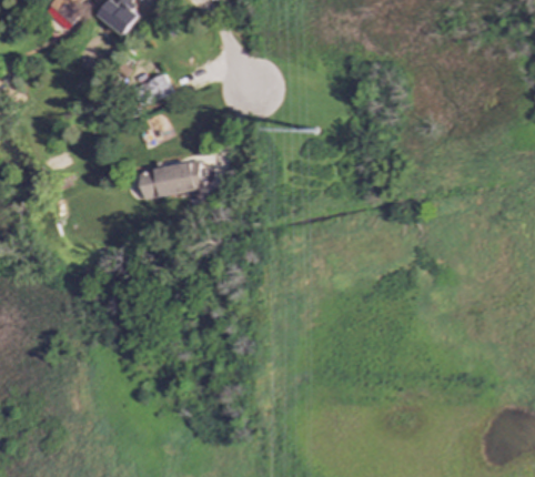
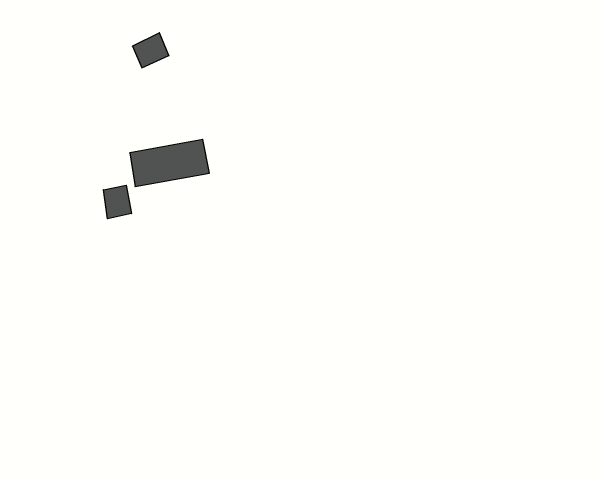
building: none -> [103,185,131,219]

